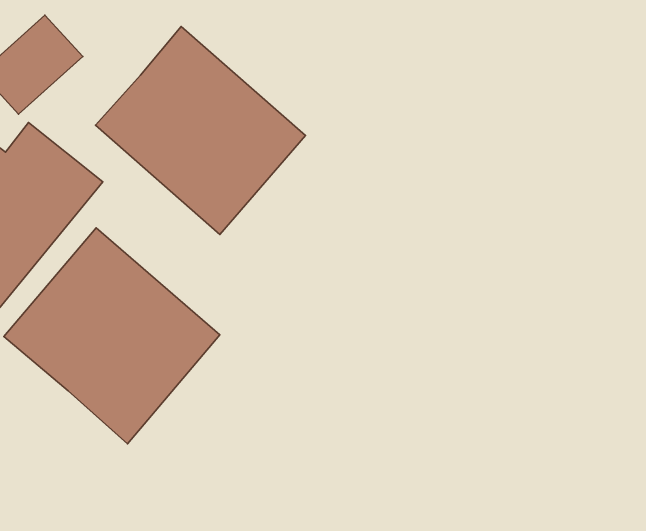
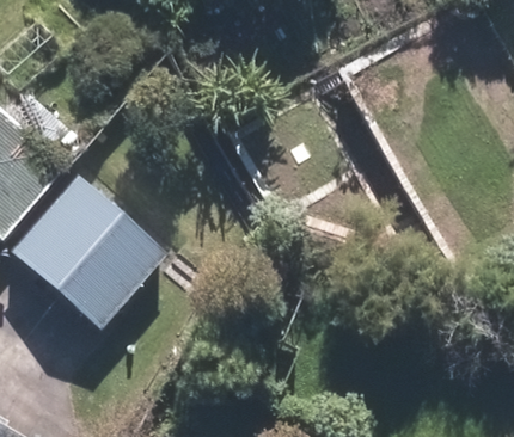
building: [96,26,306,234] -> none

